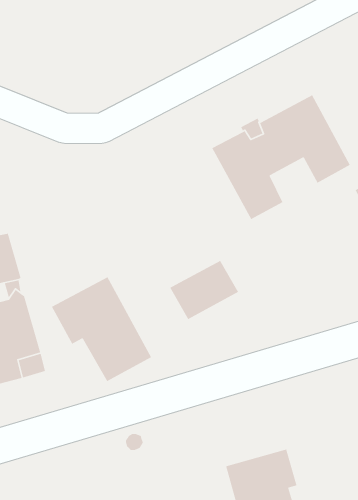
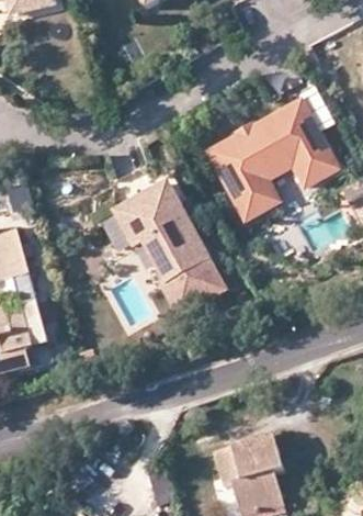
building: [51,276,152,382] -> [115,180,211,280]

